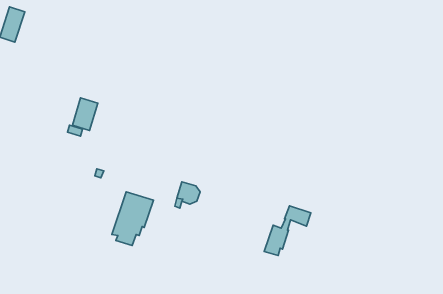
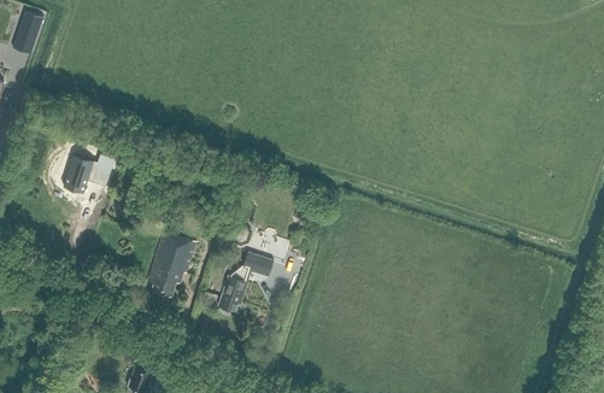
building: [72,98,98,130] -> [59,154,89,193]
building: [264,206,311,255] -> [217,253,272,312]

